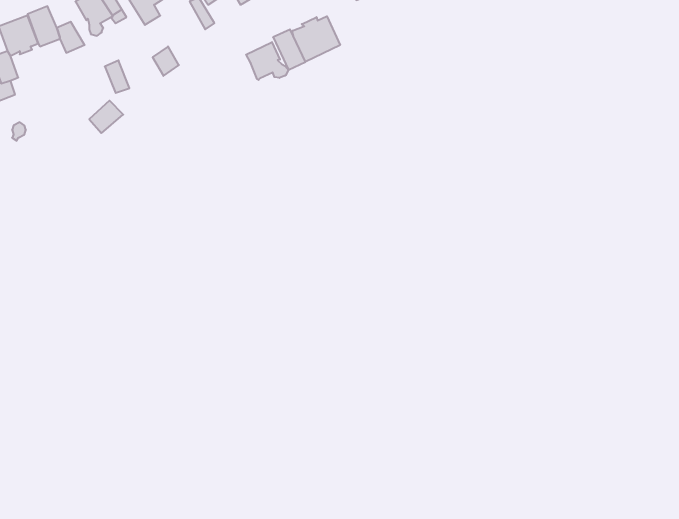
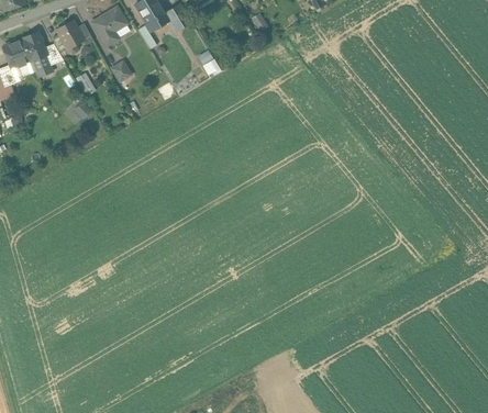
building: [292,16,340,62] -> none
building: [246,42,288,80] -> none

